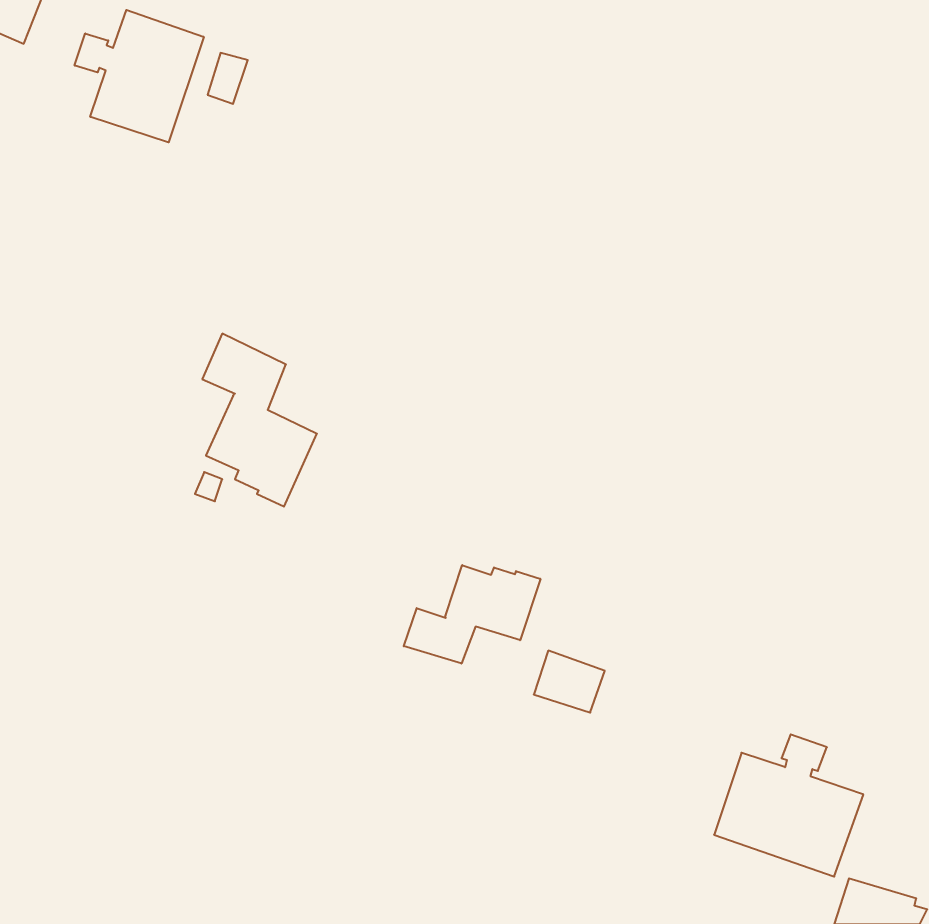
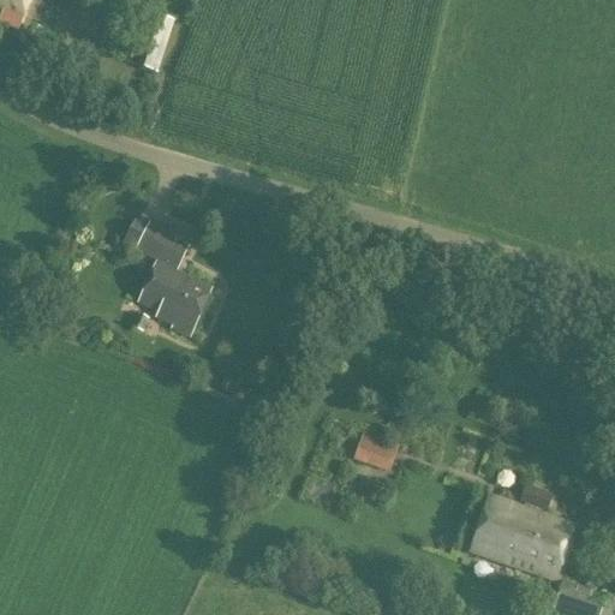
building: [75,10,204,142] -> none
building: [404,565,540,664] -> none

